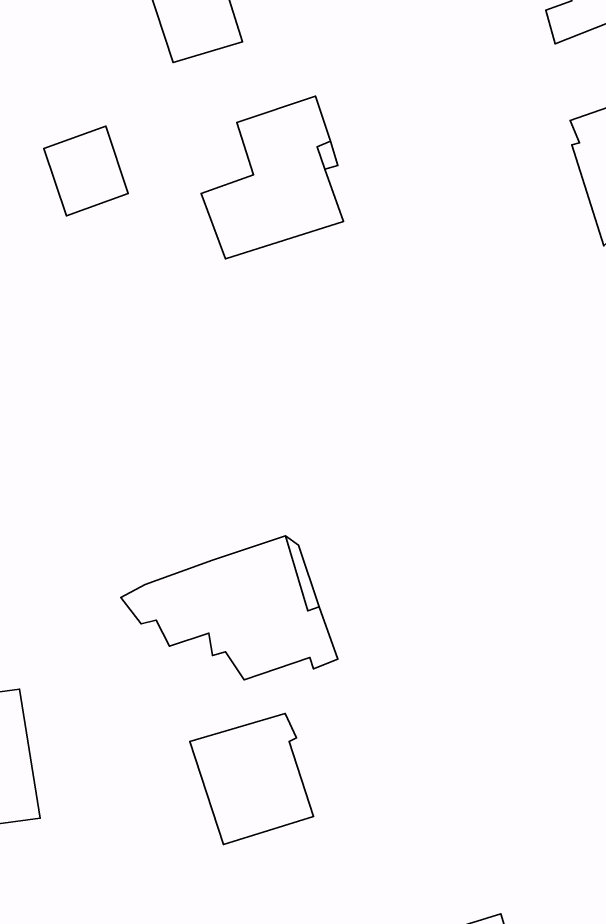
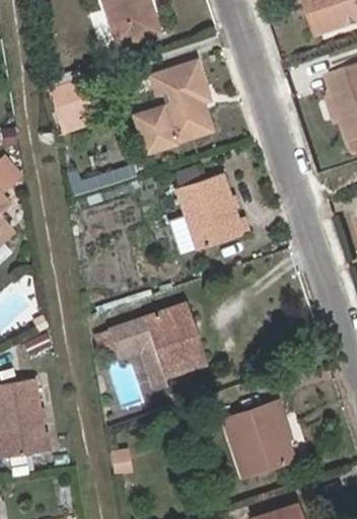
building: none -> [180,173,247,248]
building: [190,714,313,844] -> [226,402,293,473]

